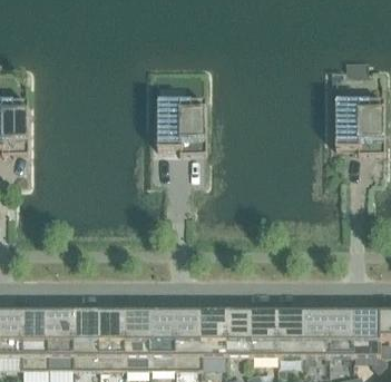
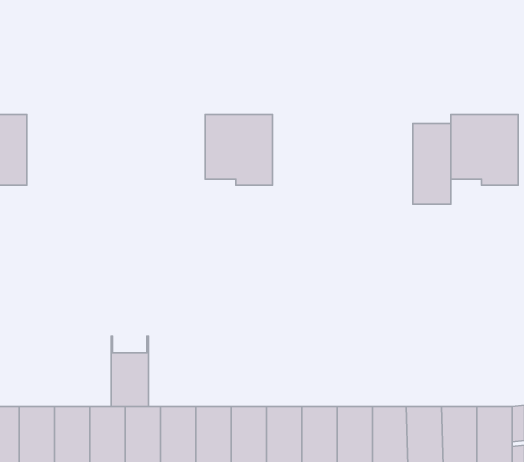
building: none -> [413,124,451,204]
building: none -> [111,336,148,407]

